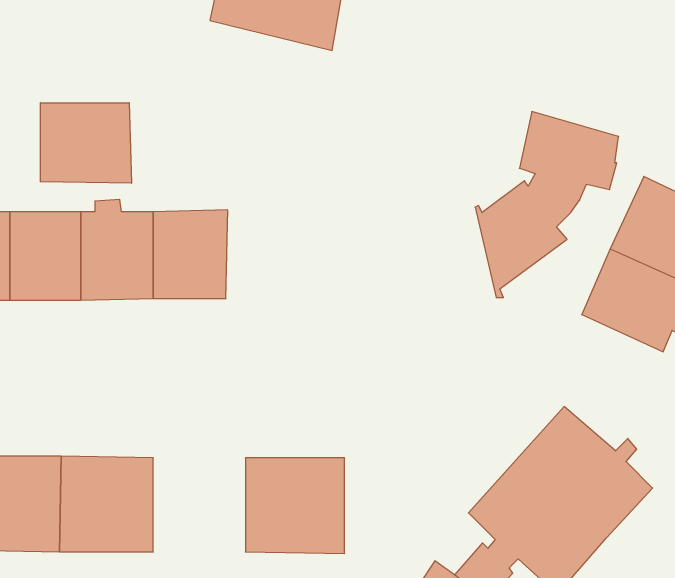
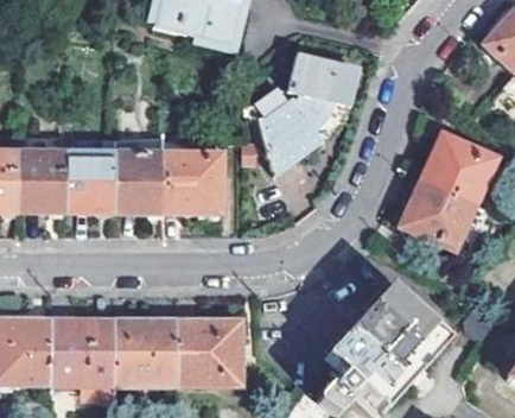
building: [40,103,131,183] -> none
building: [475,112,619,298] -> [260,55,356,179]
building: none -> [161,141,222,214]
building: none -> [113,321,174,384]

